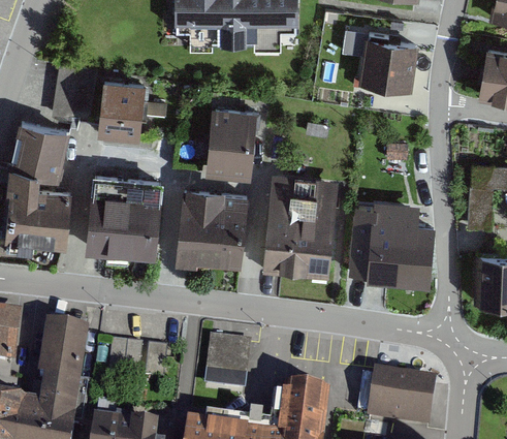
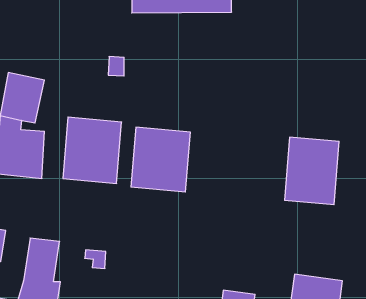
building: [357,38,418,93] -> none
building: [98,77,146,140] -> none
building: [207,103,252,178] -> none
building: [261,171,335,280] -> none
building: [204,337,250,379] -> none

